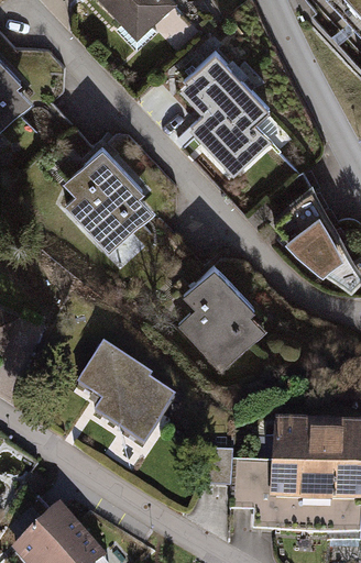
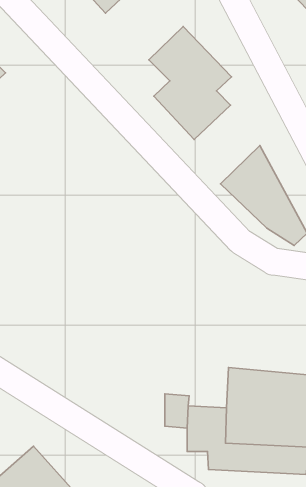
building: [62,144,154,253] -> none
building: [176,266,264,373] -> none
building: [76,347,173,444] -> none

